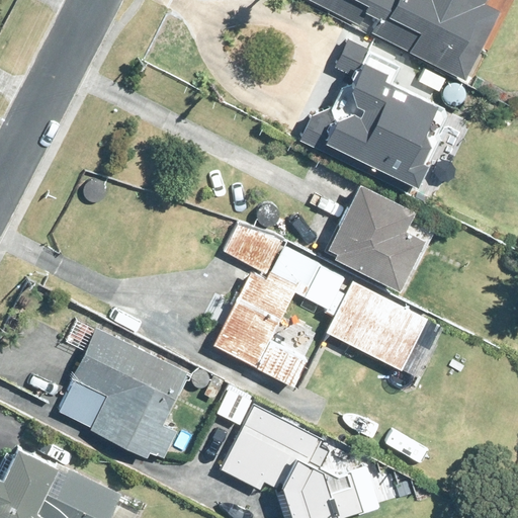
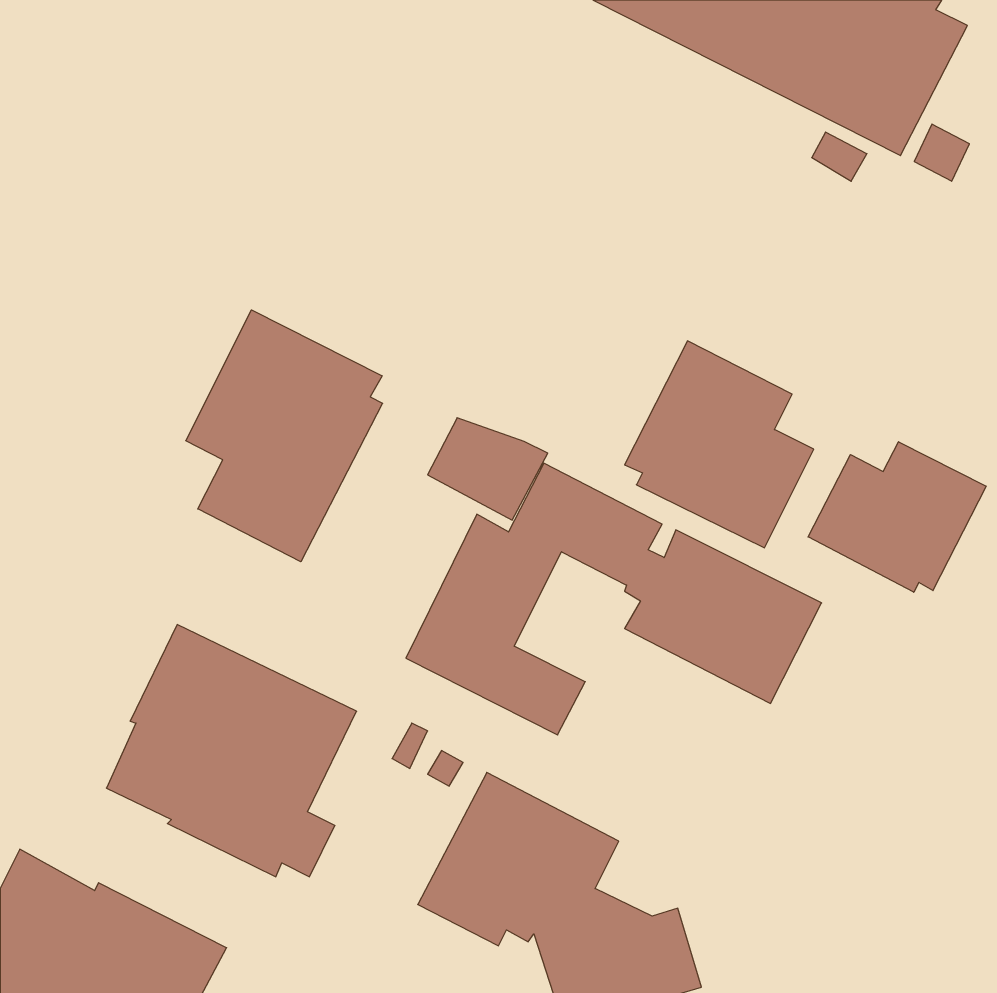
building: [301,41,446,190] -> none
building: none -> [186,310,383,562]
building: none -> [808,442,986,592]

